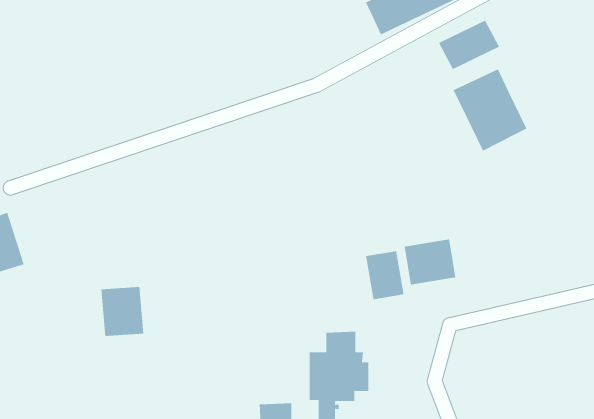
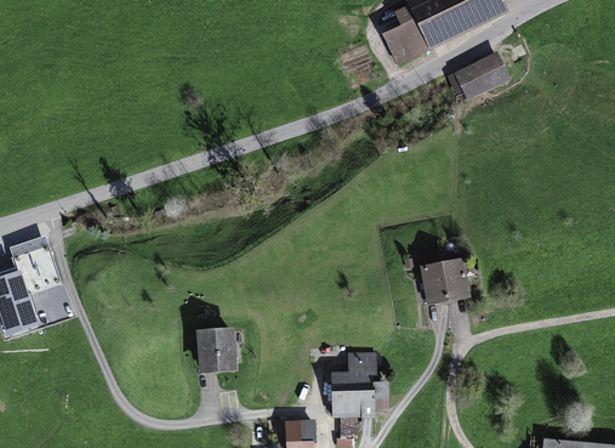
building: [453,68,527,151] -> none
building: [366,250,404,300] -> none
building: [100,286,144,336] -> [194,322,235,369]

